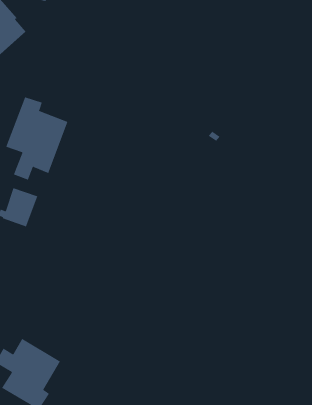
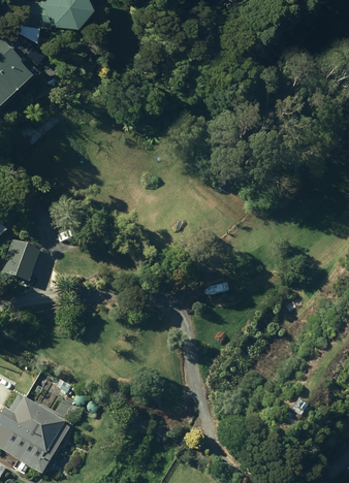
building: [5,96,68,180] -> none

